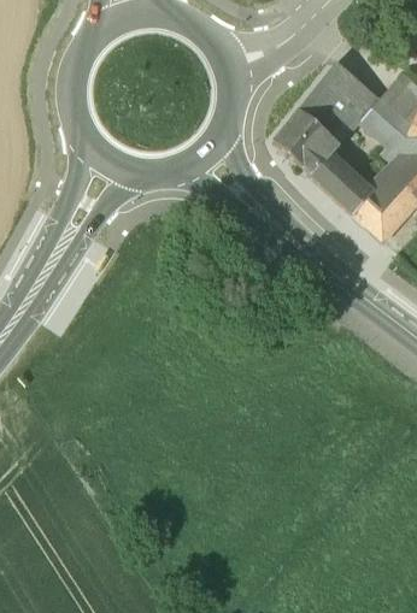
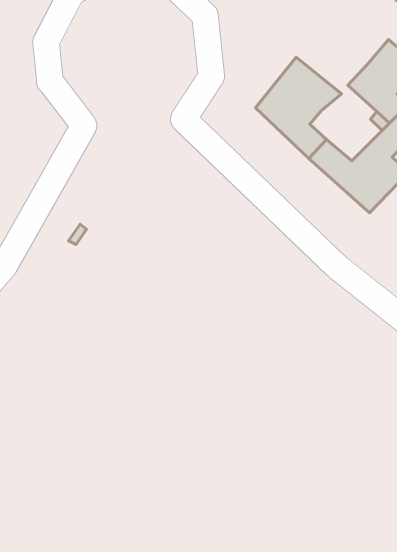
building: [315,60,383,125] -> none

